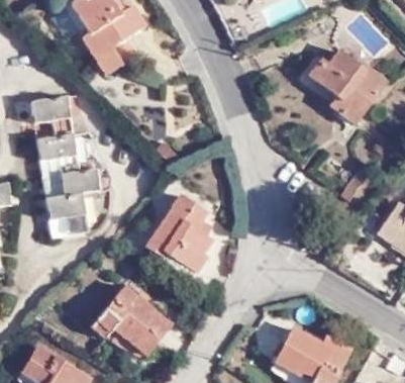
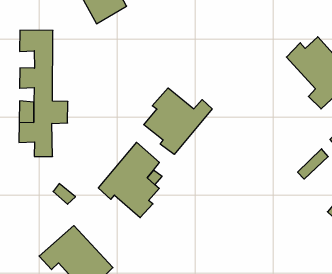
building: none -> [144,88,212,154]

